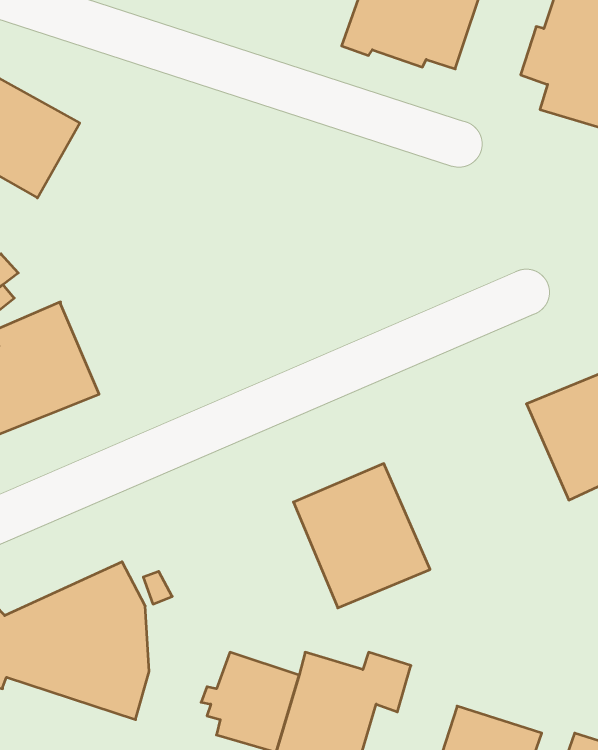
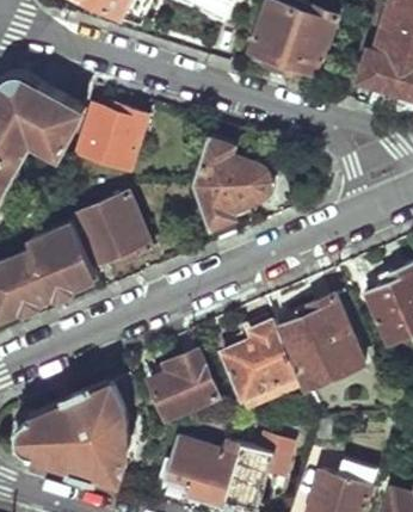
building: none -> [78,100,146,169]
building: none -> [193,137,272,245]
building: none -> [76,193,152,271]
building: none -> [273,296,365,390]
building: none -> [146,350,217,418]

